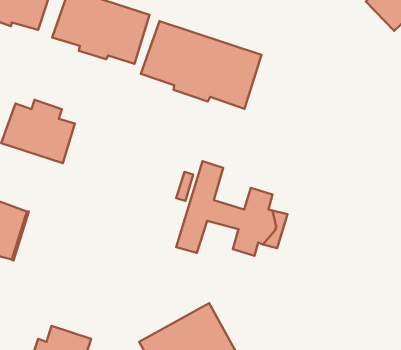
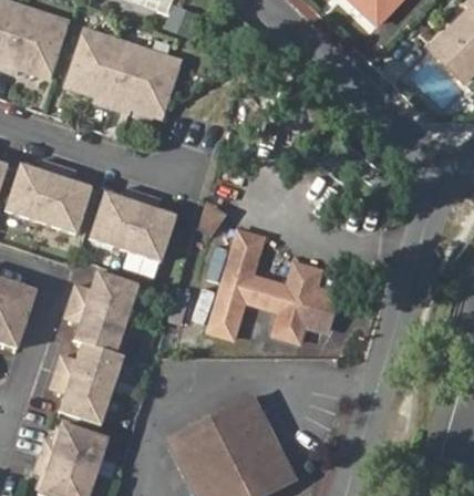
building: [141,21,261,109] -> none
building: none -> [90,186,176,260]
building: none -> [49,270,138,425]

